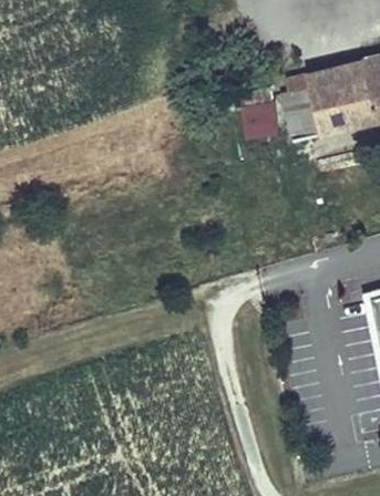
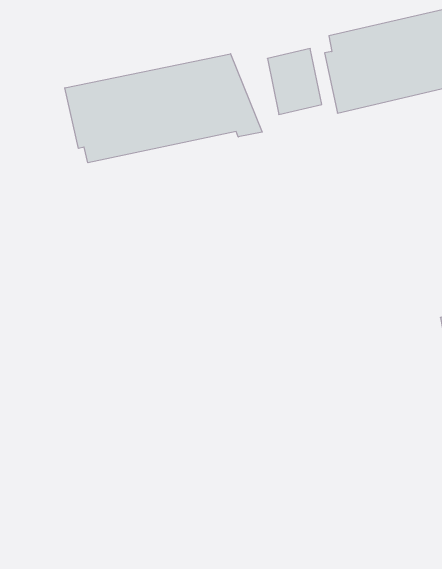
building: none -> [65,54,262,163]

